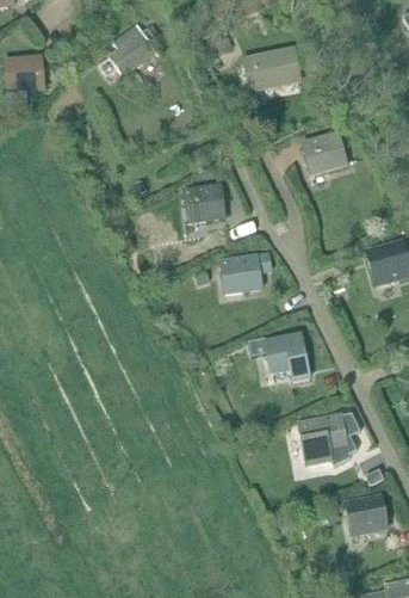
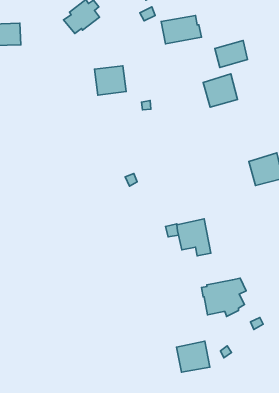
building: none -> [215,40,248,67]
building: [182,183,227,223] -> [95,66,126,95]
building: [218,251,272,295] -> none
building: [342,493,389,536] -> [176,341,210,372]

